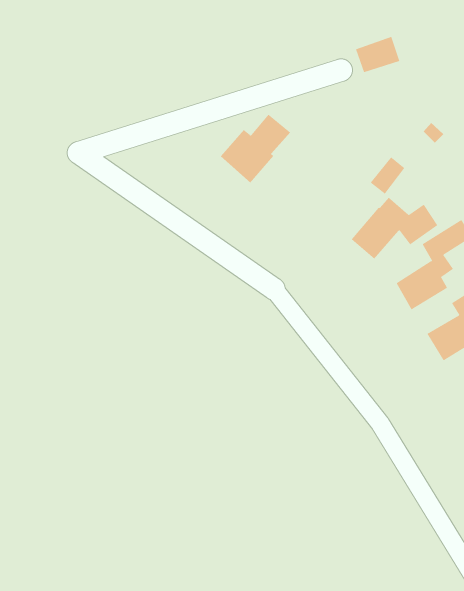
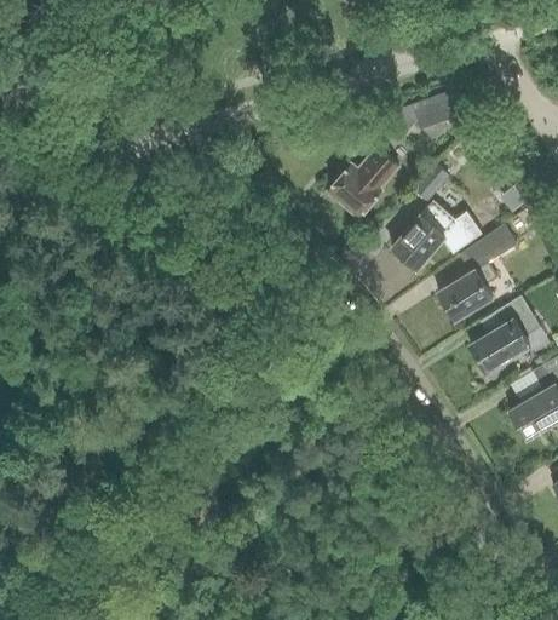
building: [355,36,400,73] -> [409,92,455,130]
building: [220,114,291,183] -> [326,148,398,219]

